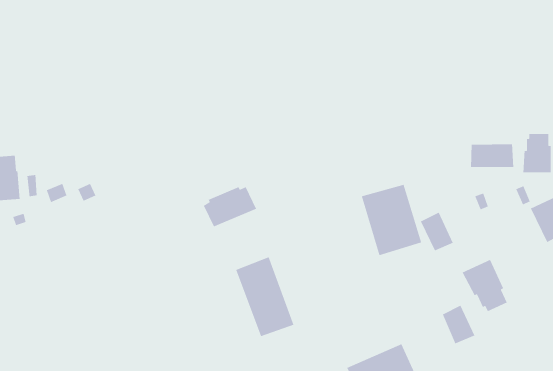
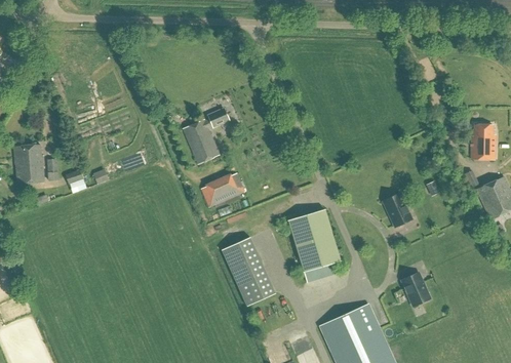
building: none -> [182,109,229,163]
building: [470,144,514,168] -> none
building: [361,184,422,256] -> [287,209,340,271]
building: [462,259,508,312] -> none

